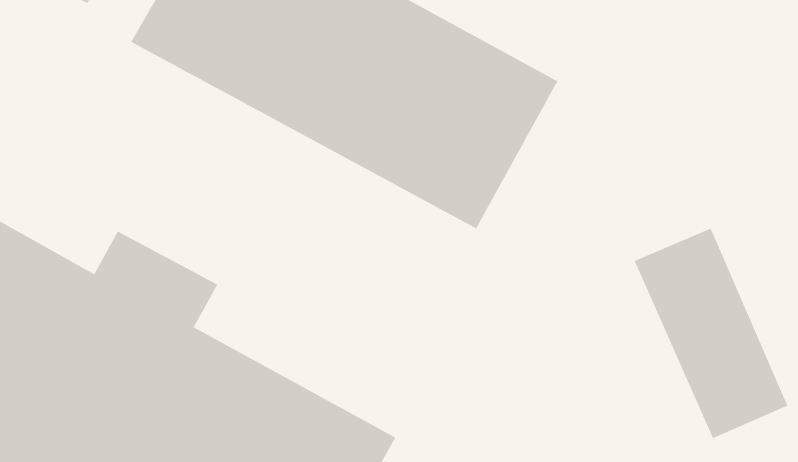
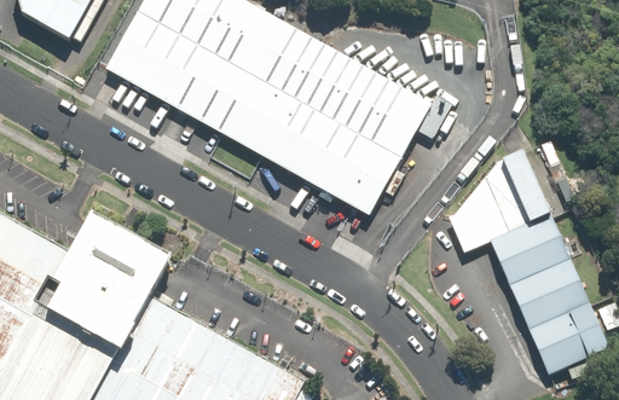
building: none -> [446,151,548,250]

